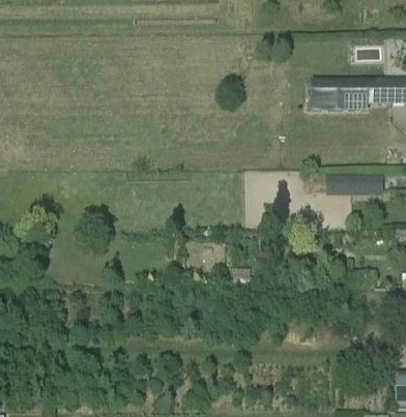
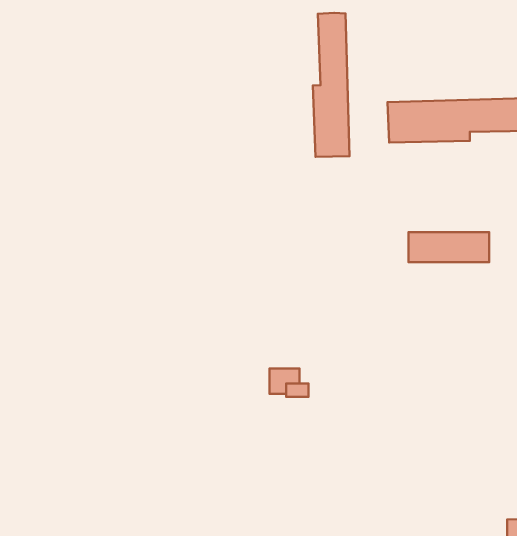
building: none -> [313,13,349,157]

